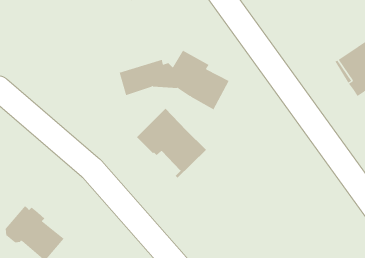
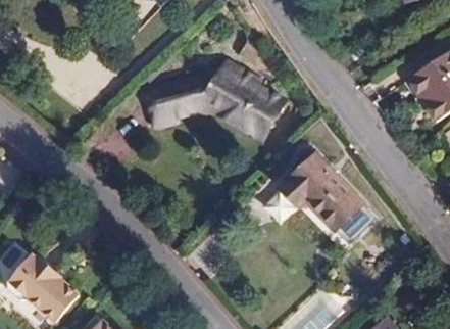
building: [136,108,207,178] -> [279,152,364,238]

